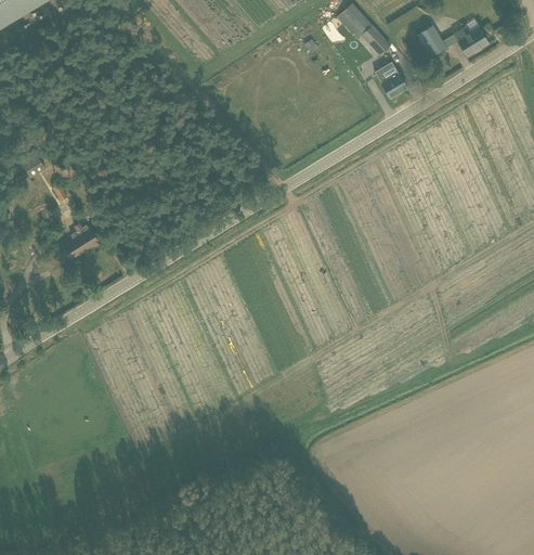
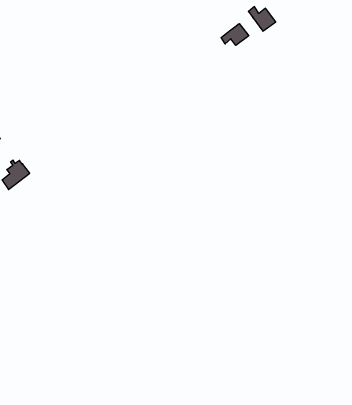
building: none -> [221,24,249,45]

